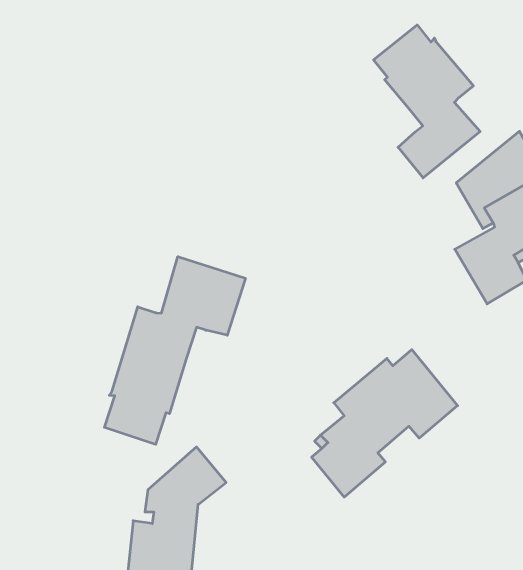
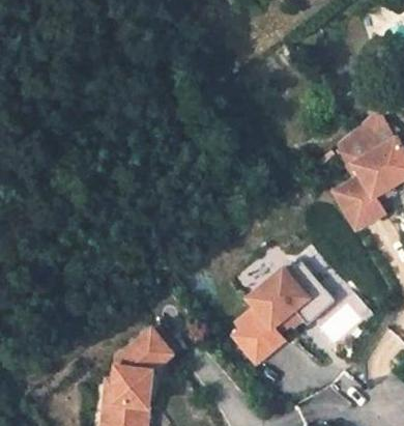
building: [374,25,480,178] -> none
building: [104,257,245,444] -> none

